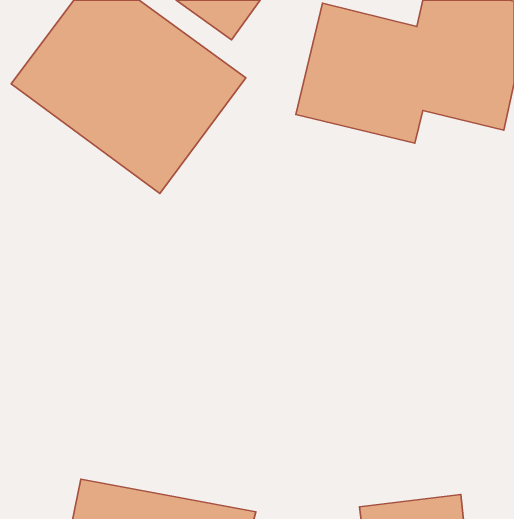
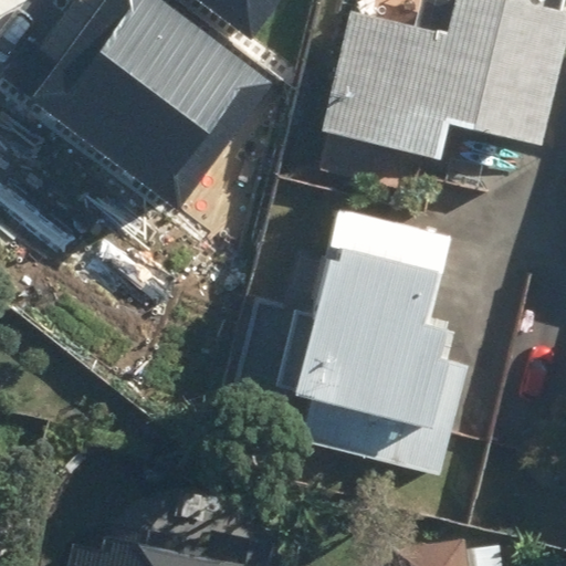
building: none -> [290,220,469,432]

